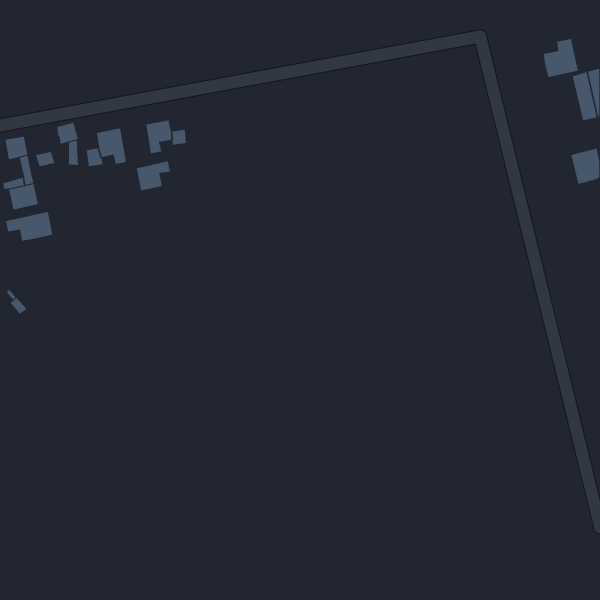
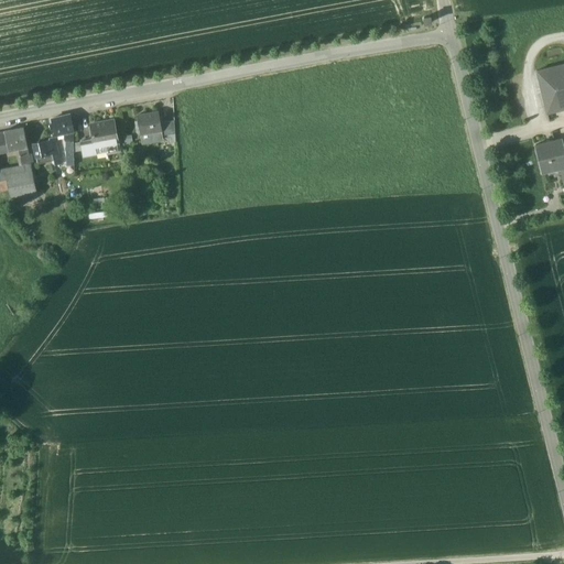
building: [543,38,579,78] -> none
building: [136,160,170,191] -> none
building: [6,211,53,242] -> none

